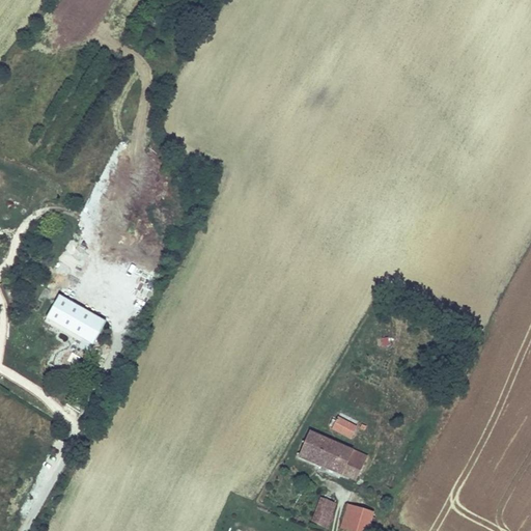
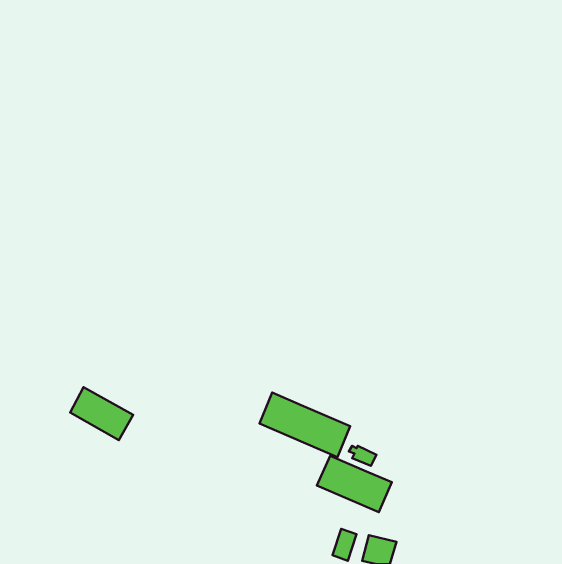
building: [46,294,105,343] -> [70,387,133,440]
building: none -> [259,393,350,457]

